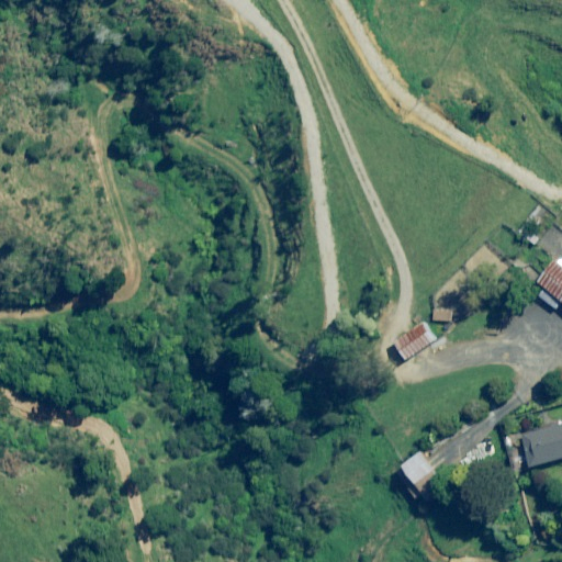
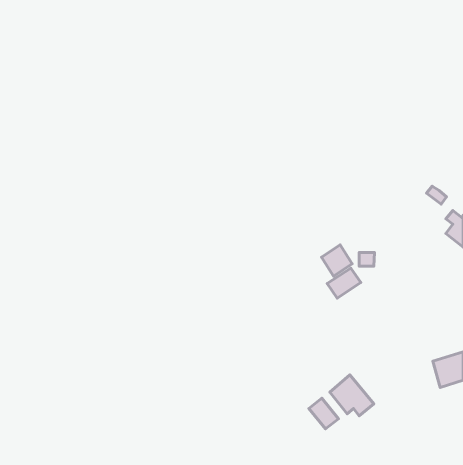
building: none -> [321,245,352,276]
building: none -> [309,398,339,429]

